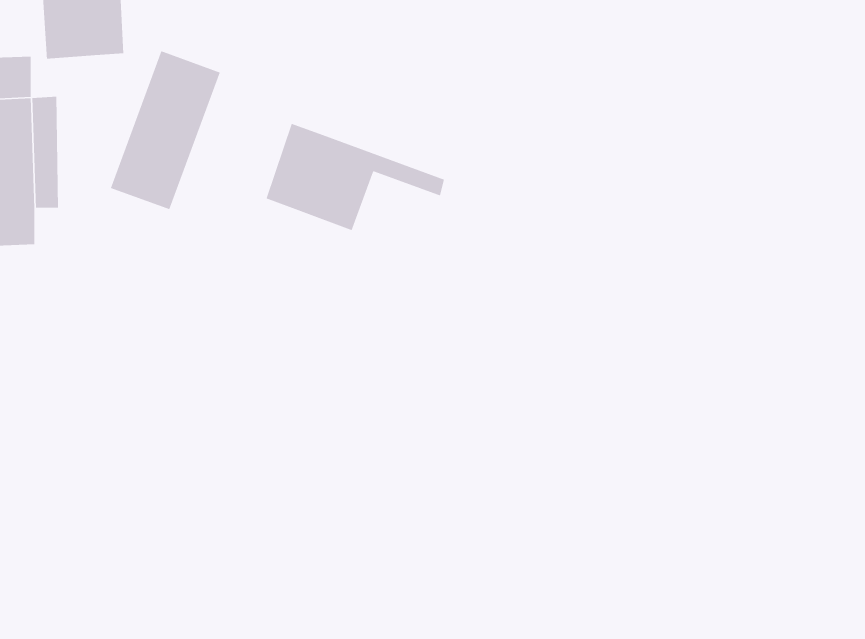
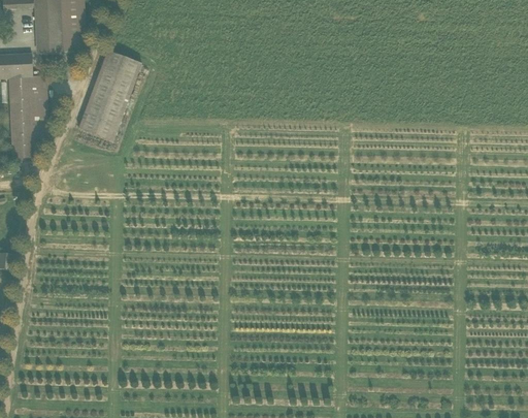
building: [265,123,445,231] -> none

